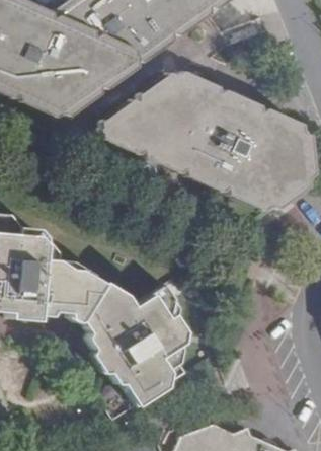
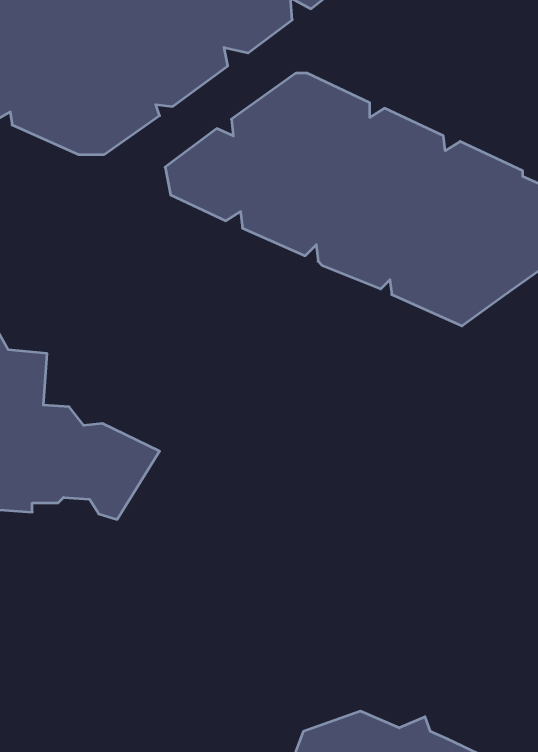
building: [80,281,182,404] -> none

